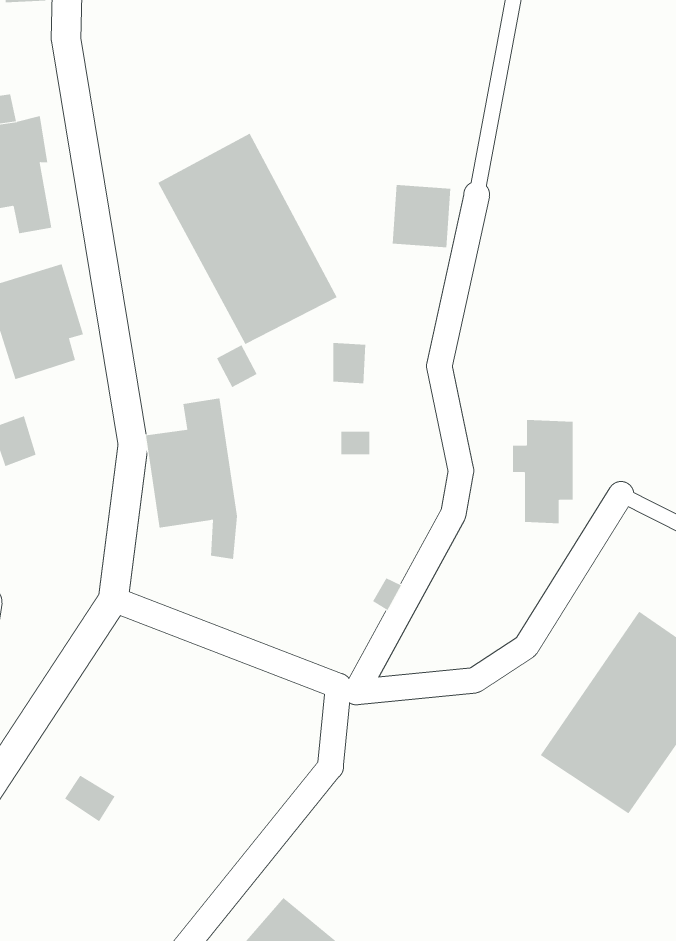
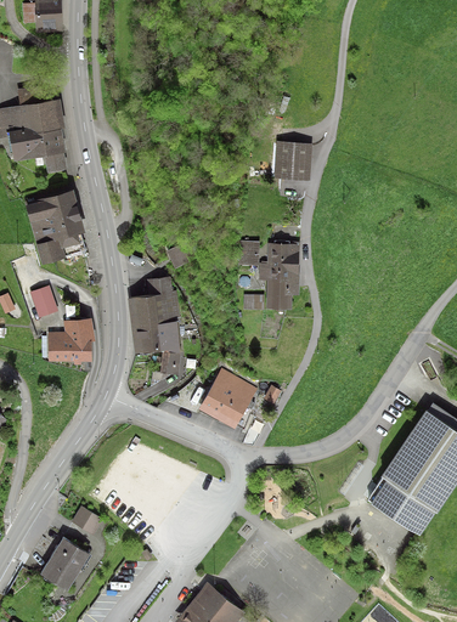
building: [157,133,338,345] -> none
building: [512,419,573,524] -> [260,247,298,311]
building: none -> [46,320,91,363]
building: none -> [201,368,258,429]
building: none -> [41,537,92,590]

